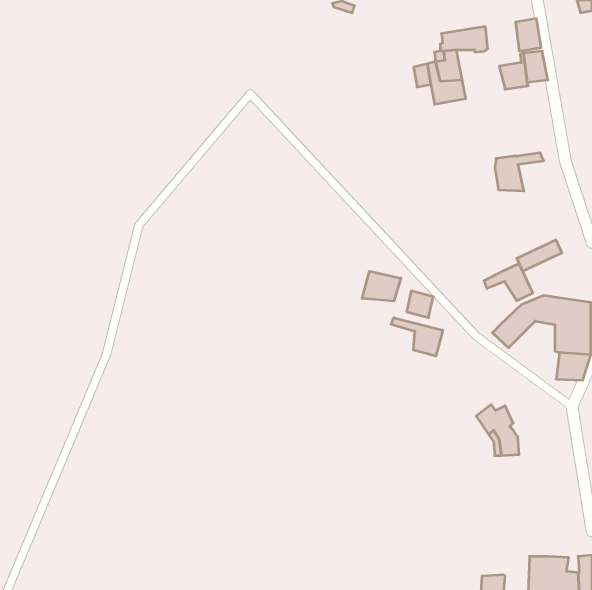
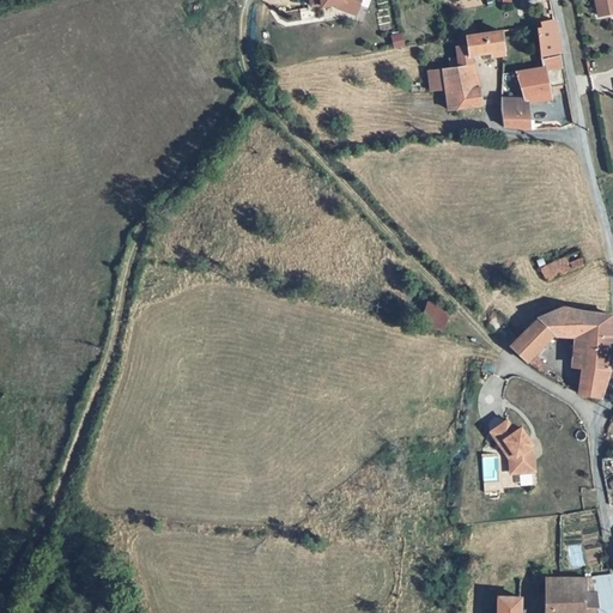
building: [495,153,544,191] -> [499,91,550,131]
building: [484,263,533,301] -> none
building: [362,271,401,301] -> none
building: [391,318,443,356] -> none

